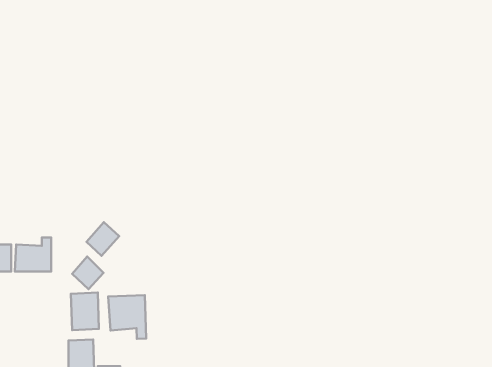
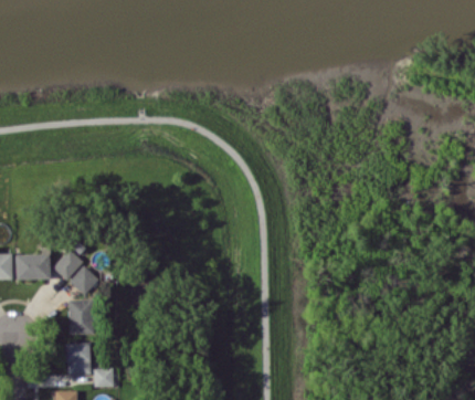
building: [86,222,119,256] -> [53,249,84,281]
building: [108,295,146,339] -> none

